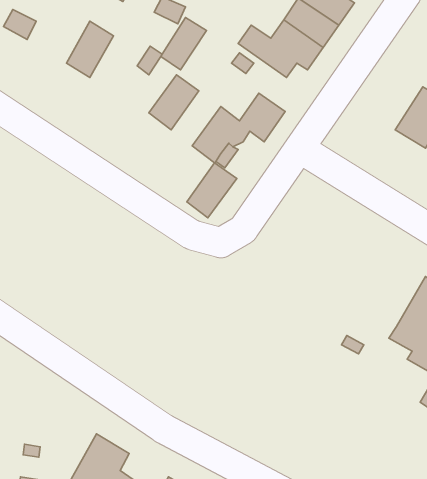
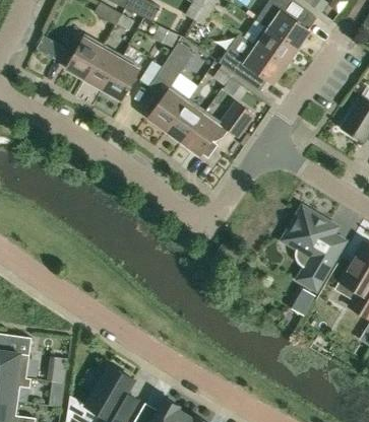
building: none -> [66,34,103,77]
building: none -> [103,56,140,98]
building: [187,163,237,218] -> [166,98,204,141]
building: none -> [282,206,345,290]

